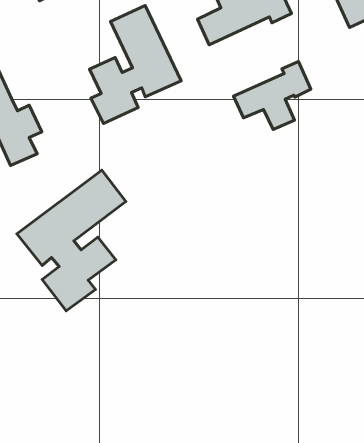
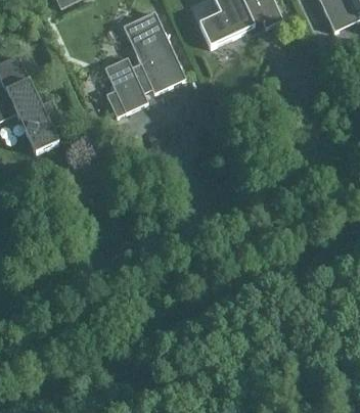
building: [234,62,311,130] -> none
building: [17,170,126,311] -> none

